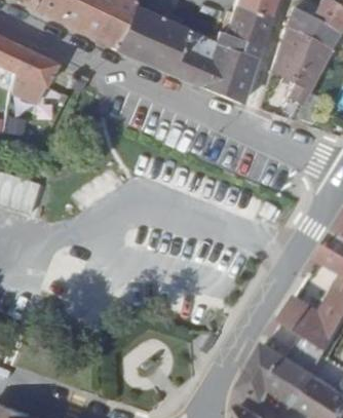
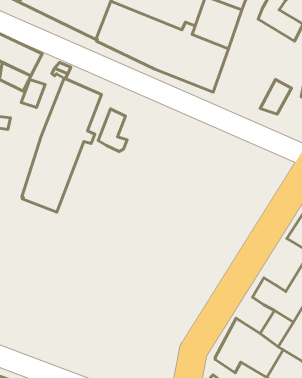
building: [272,25,328,103] -> none
building: none -> [22,78,102,212]
building: none -> [98,109,127,151]

